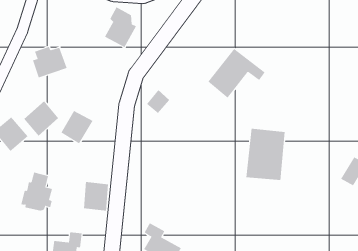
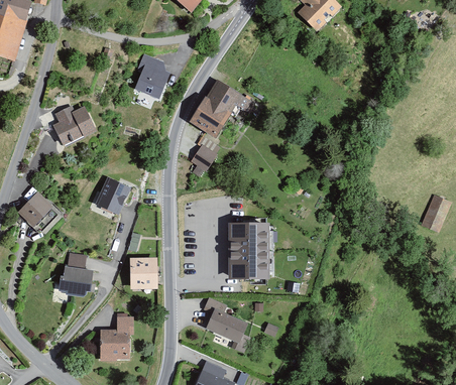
building: [208,48,266,98] -> [190,80,255,138]
building: [23,101,59,136] -> none
building: [246,128,286,180] -> [228,223,269,280]

